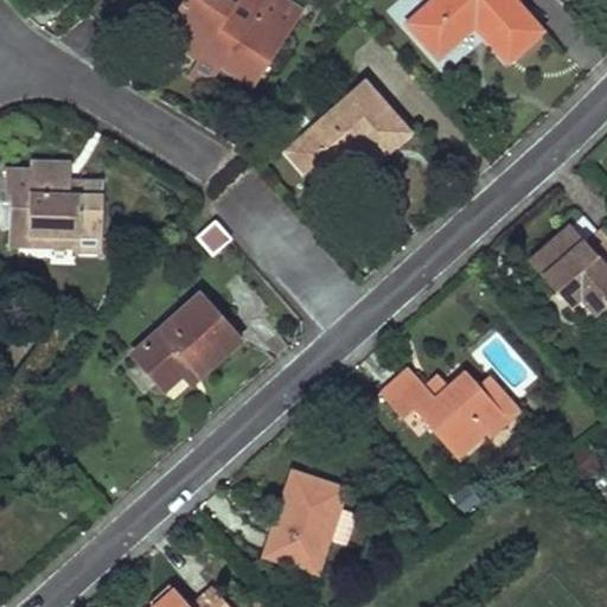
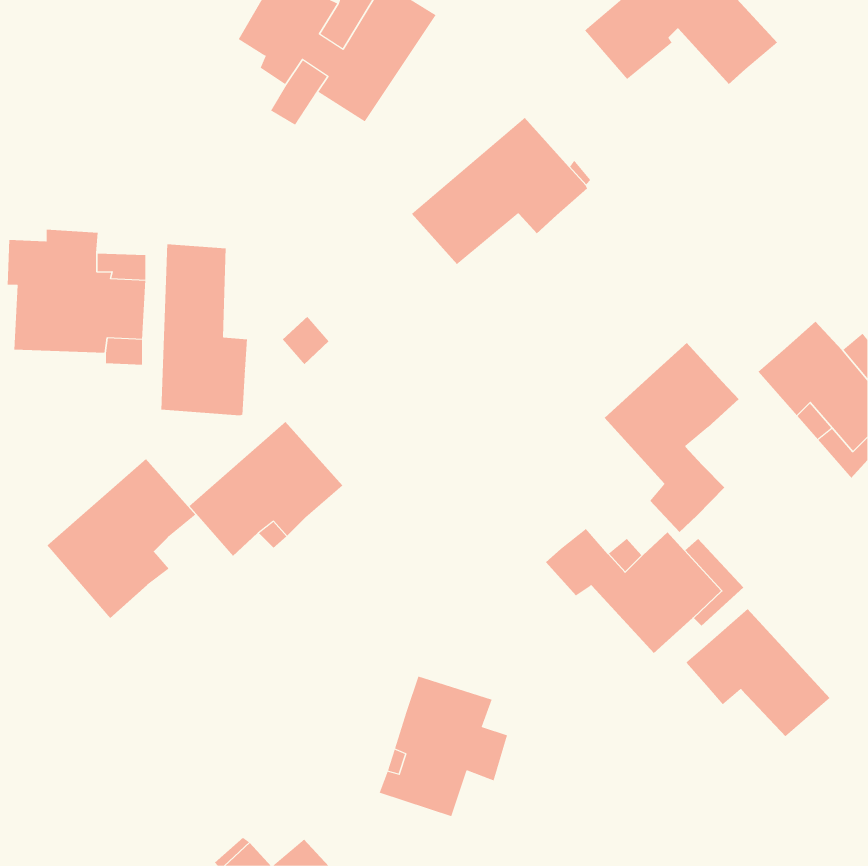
building: none -> [161,244,247,416]
building: none -> [604,342,739,533]
building: none -> [47,458,196,619]
building: none -> [686,608,830,737]

